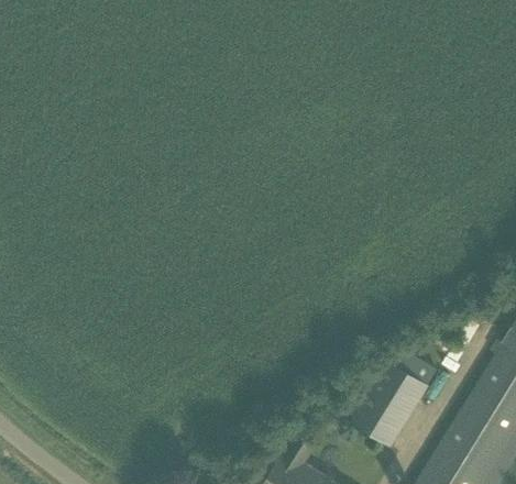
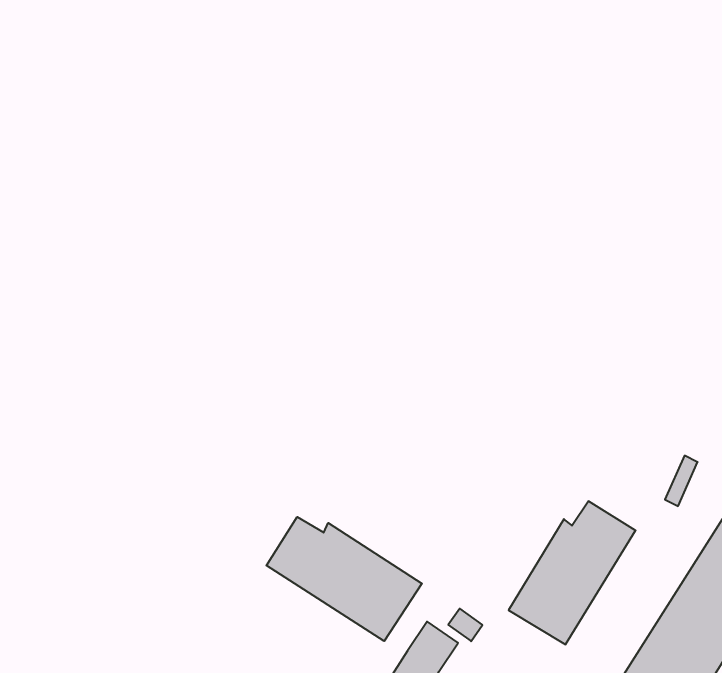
building: none -> [266,517,422,641]

